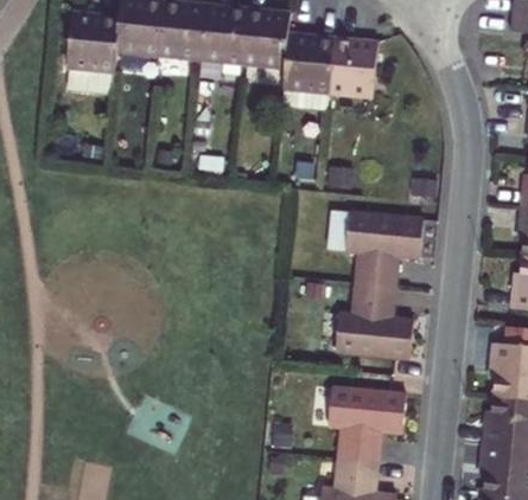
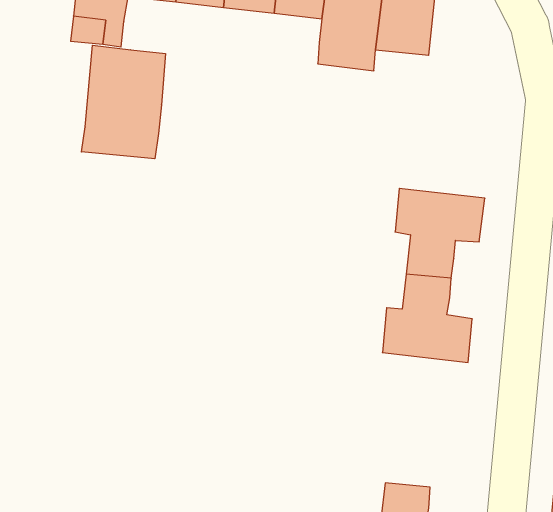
building: none -> [81,45,165,159]
building: [326,389,402,462] -> none

